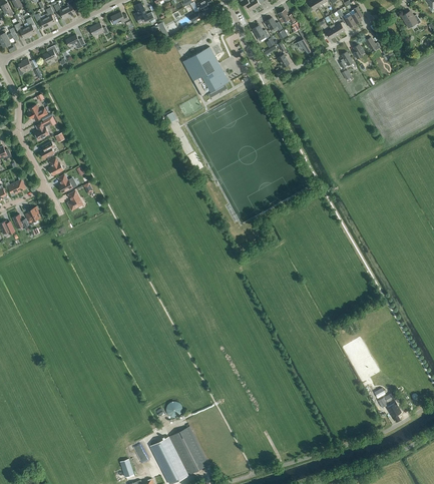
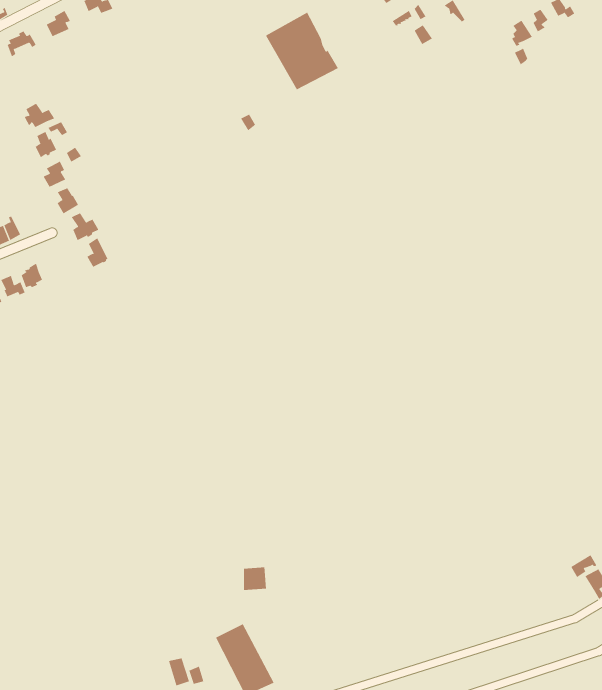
building: [168,426,207,475] -> none

